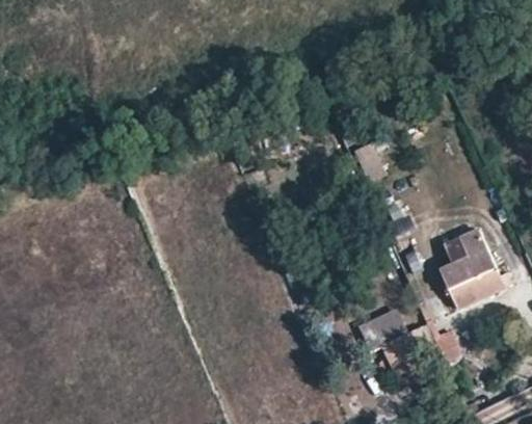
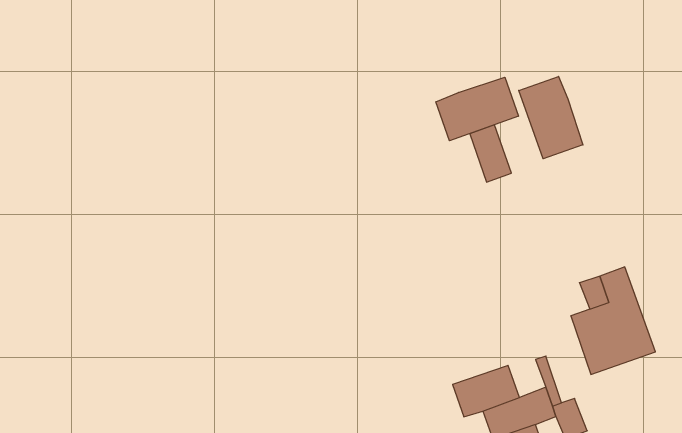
building: none -> [519,76,583,159]
building: none -> [436,77,518,141]

